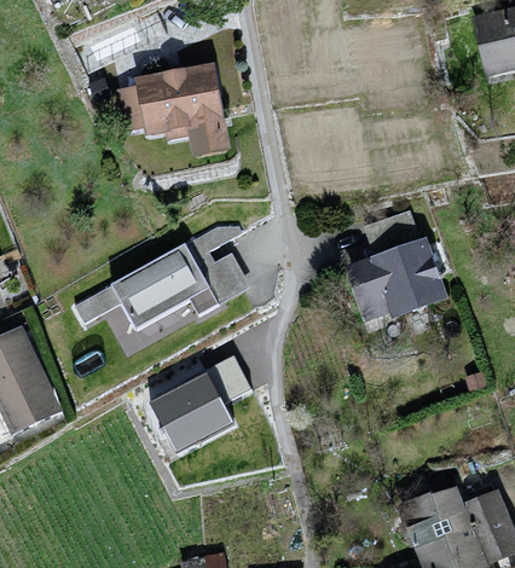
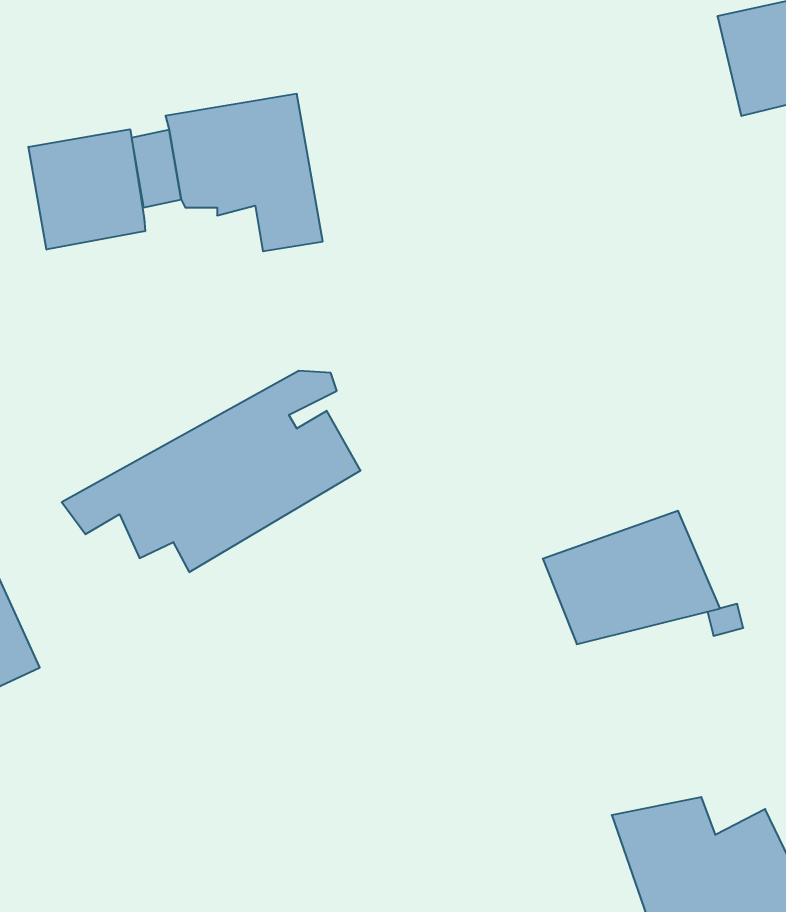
building: none -> [28,129,145,250]
building: [346,242,453,323] -> [543,511,720,644]
building: [146,354,249,452] -> none

